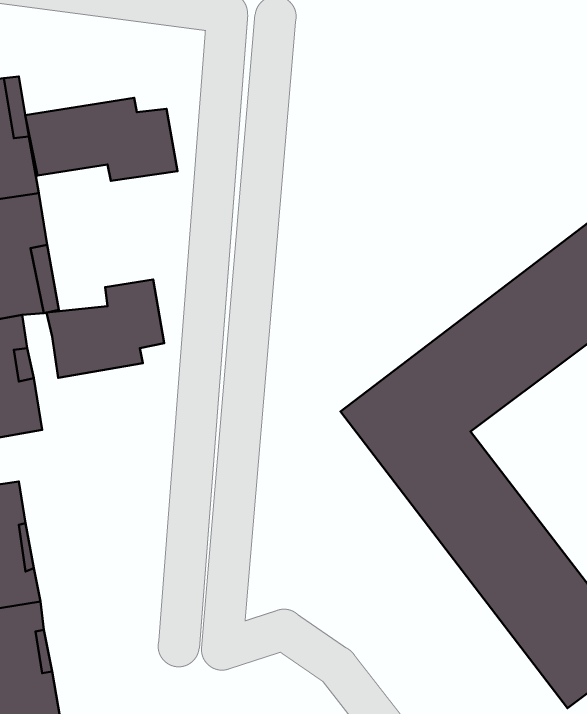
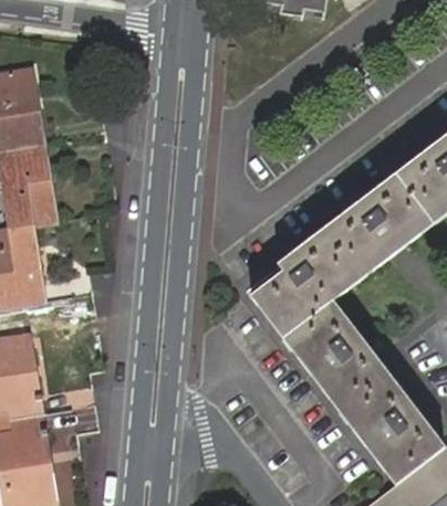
building: [25,98,177,181] -> none
building: [46,280,164,378] -> none

